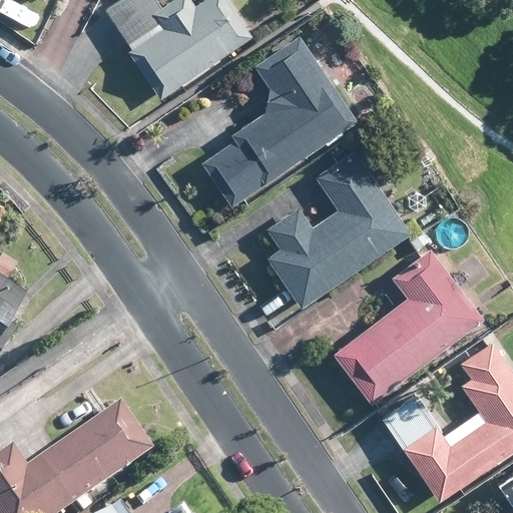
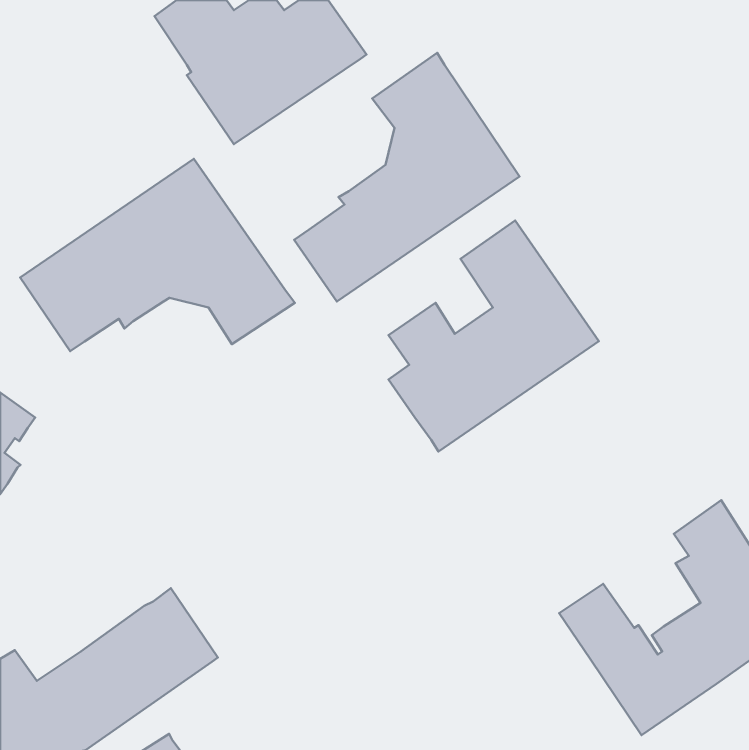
building: none -> [20,159,295,351]
building: [334,250,483,405] -> none

